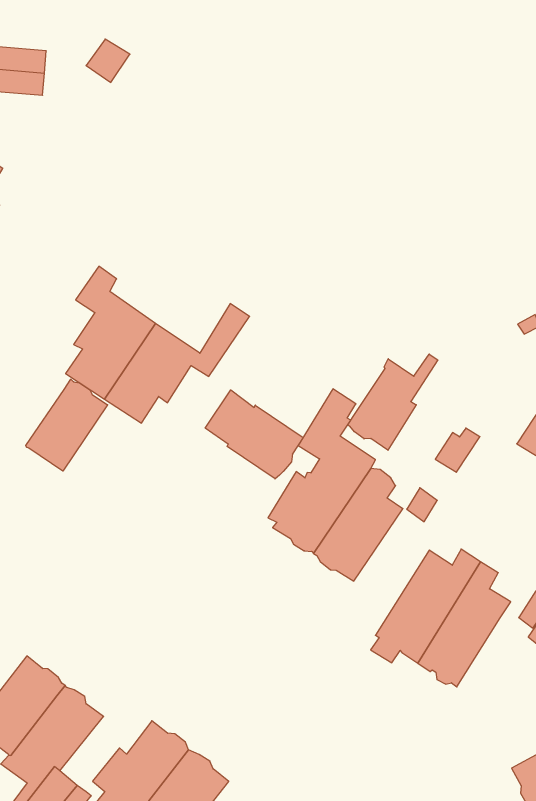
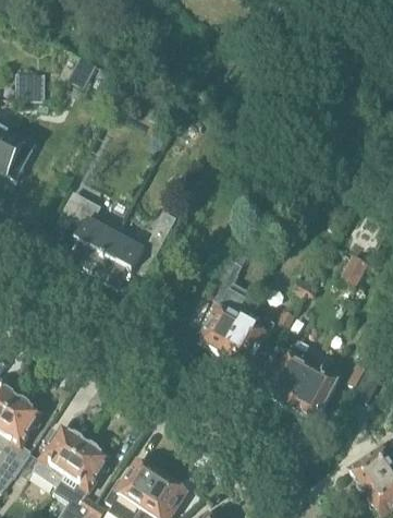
building: [348,354,438,450] -> none
building: [26,379,108,471] -> none
building: [205,390,303,479] -> none

